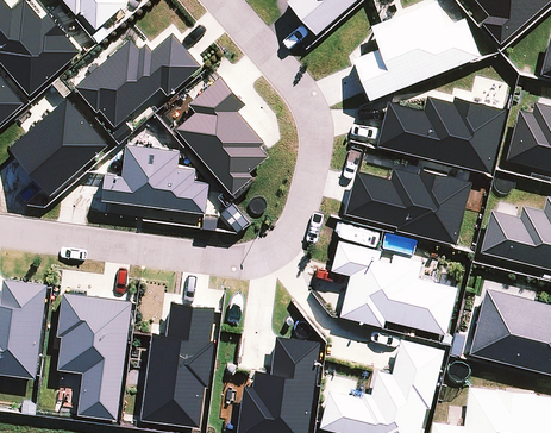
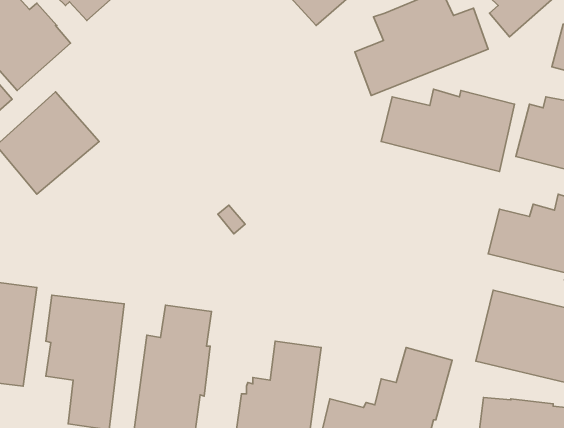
building: [74,33,200,127] -> none
building: [175,75,271,195] -> none
building: [101,144,207,214] -> none
building: [344,168,471,246] -> none
building: [328,240,457,337] -> none

